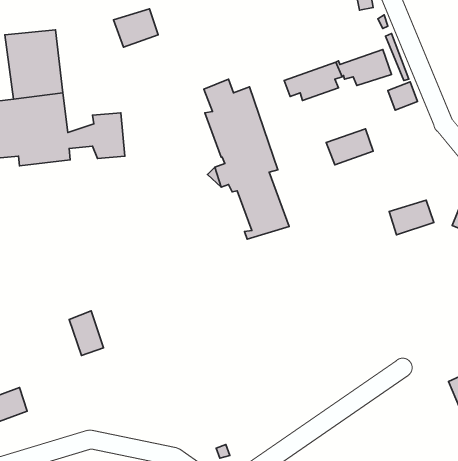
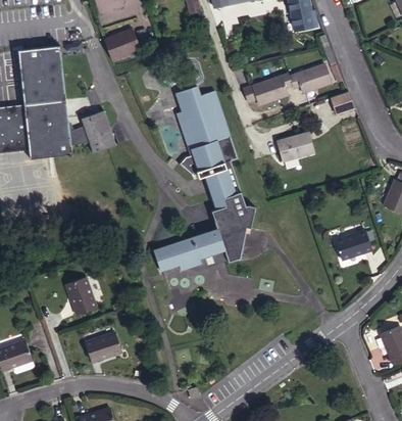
building: [389,200,434,235] -> [335,232,371,261]
building: none -> [153,207,254,273]
building: none -> [85,334,121,363]

